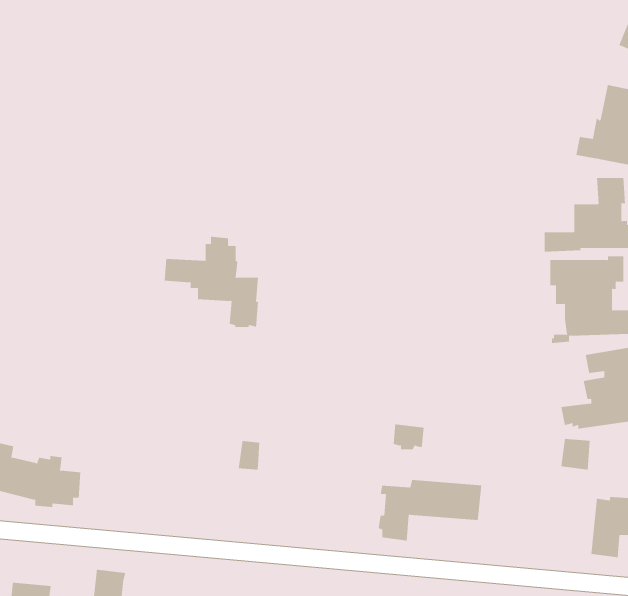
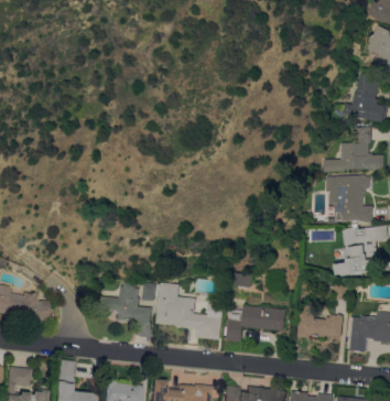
building: [164,236,259,327] -> [95,283,151,337]
building: none -> [155,283,223,340]
building: none -> [296,305,343,338]

